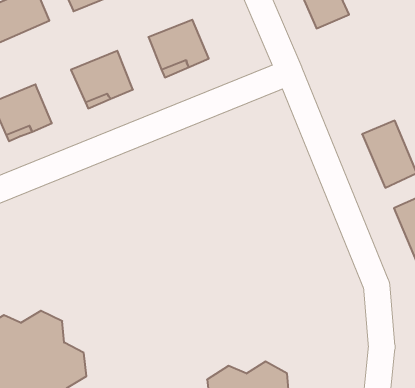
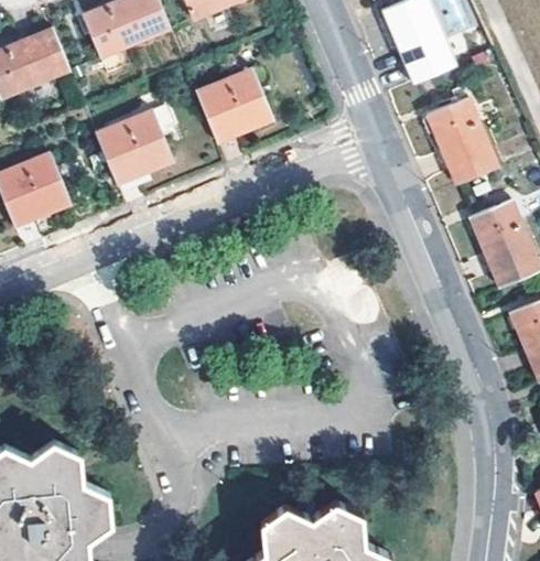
building: none -> [424,97,496,182]

